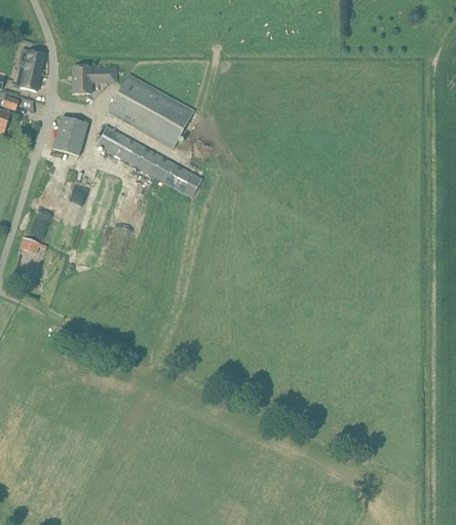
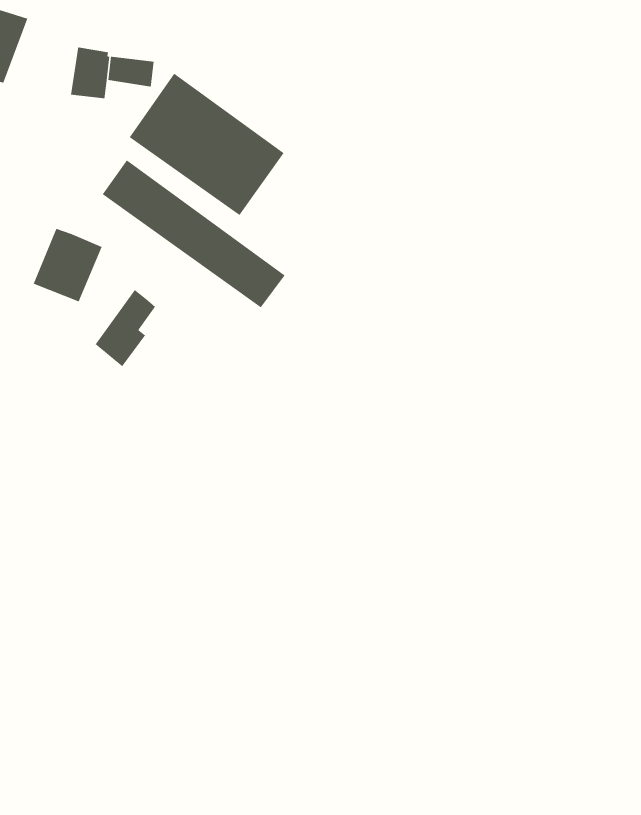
building: [51,115,87,154] -> [33,228,103,302]
building: none -> [95,289,156,367]

